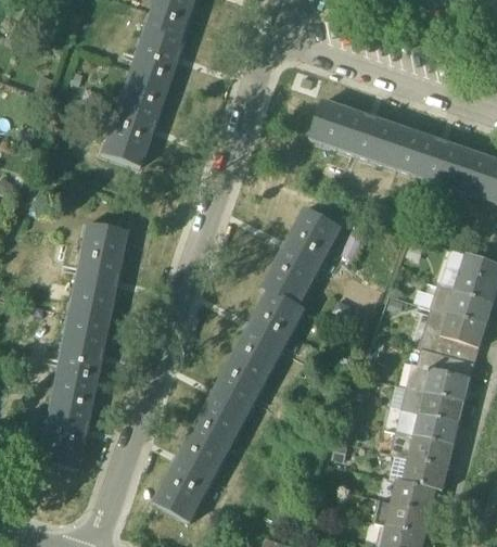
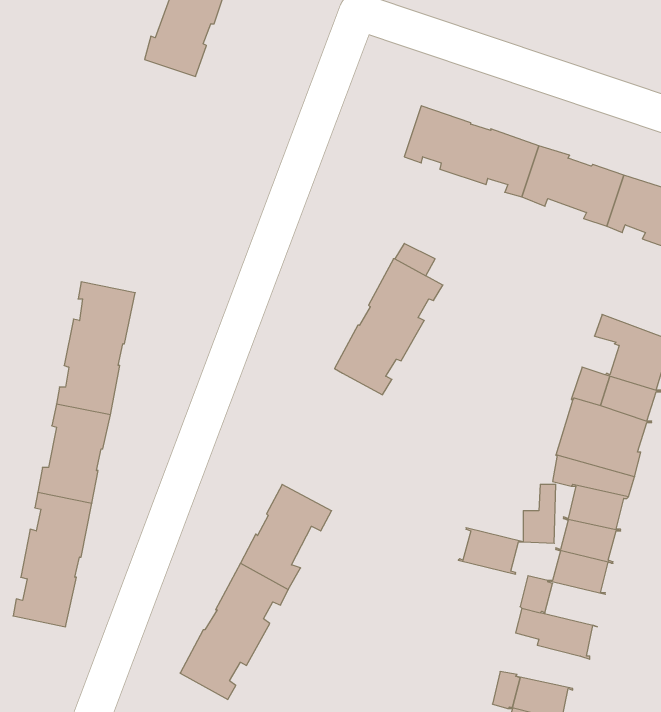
building: [102,68,167,164] -> none
building: [228,289,304,385] -> none
building: [409,434,455,467] -> [458,528,523,574]
building: [392,479,437,510] -> none

